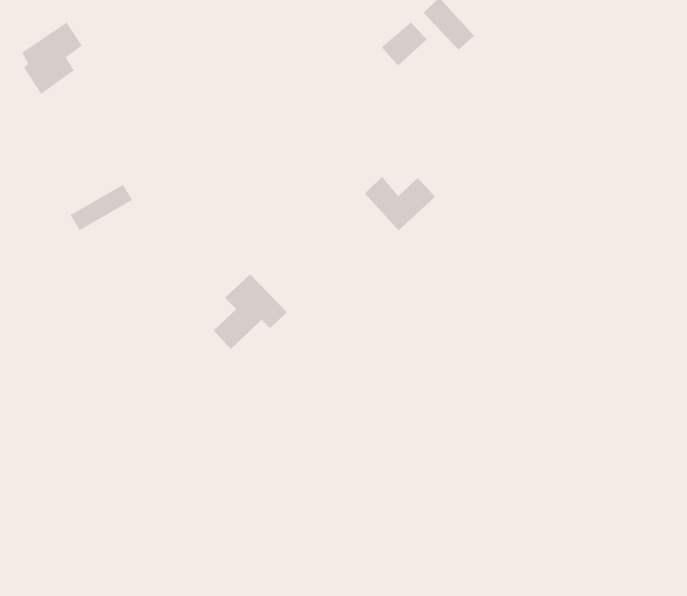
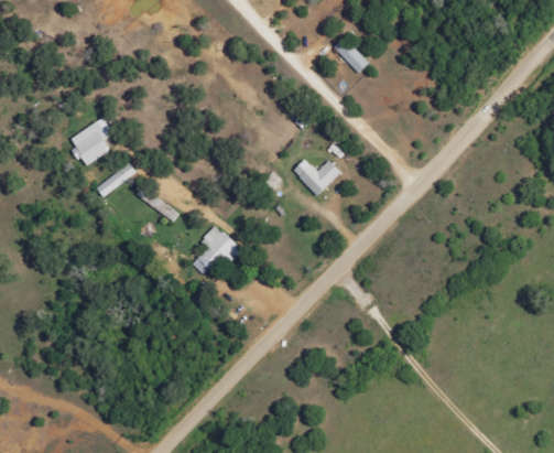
building: [381,21,427,67] -> none
building: [21,22,83,95] -> [72,118,113,168]

